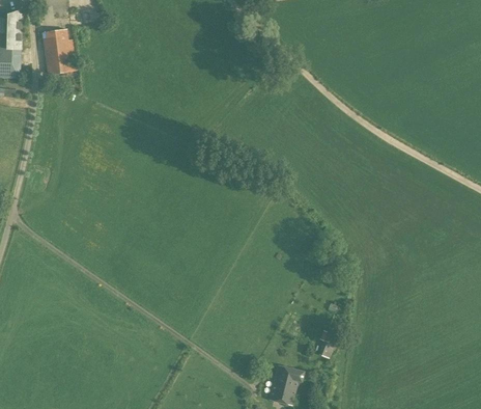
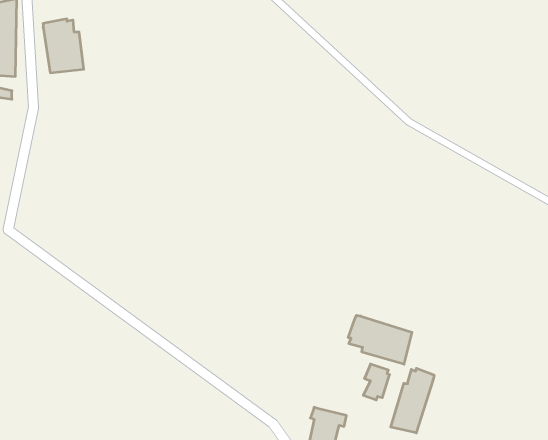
building: none -> [348,315,412,364]
building: none -> [391,368,434,433]

